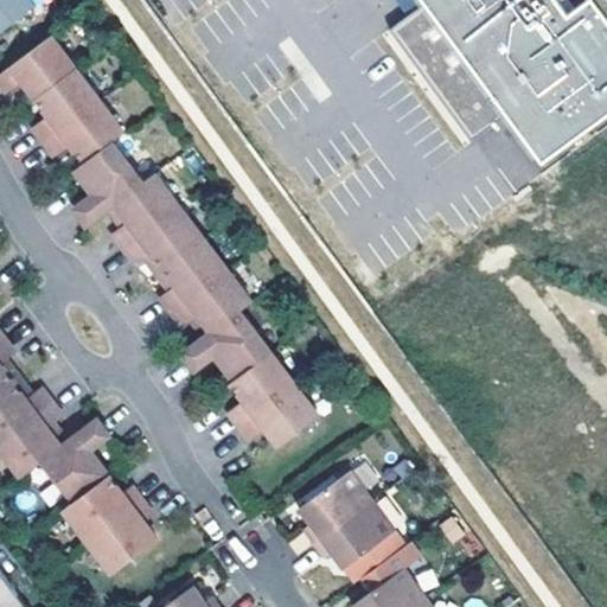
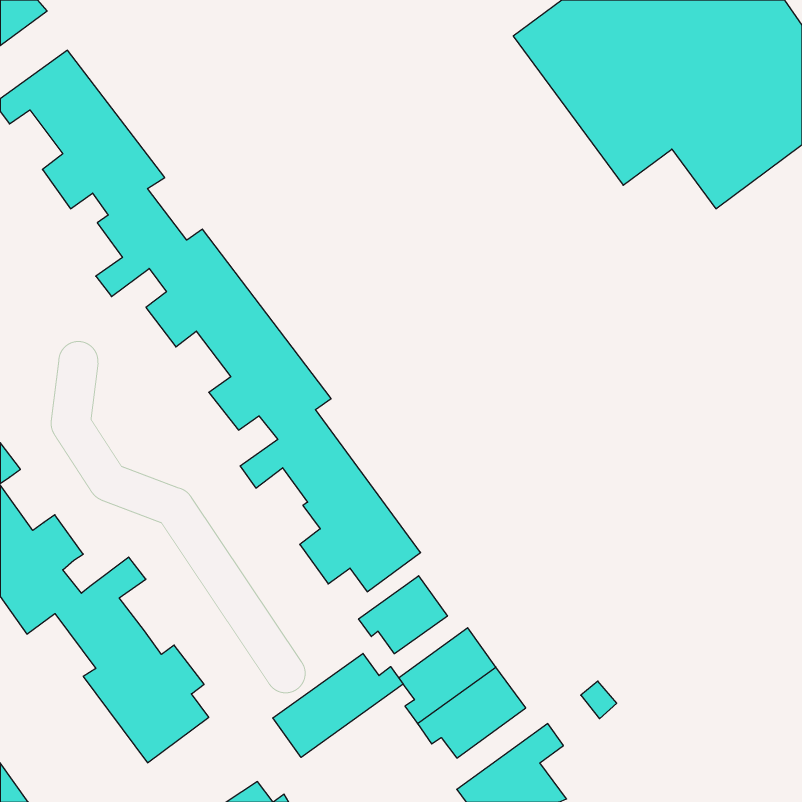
building: none -> [359,576,447,654]
building: none -> [273,653,403,757]

